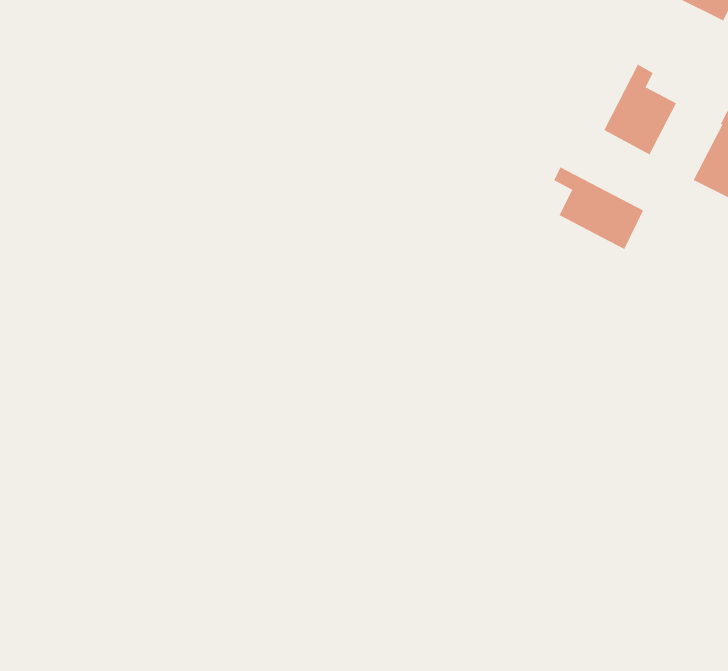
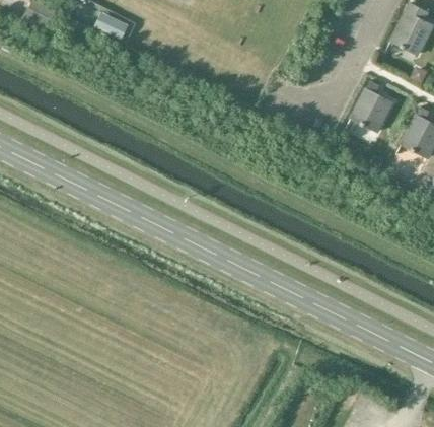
building: [554,167,644,250] -> none

